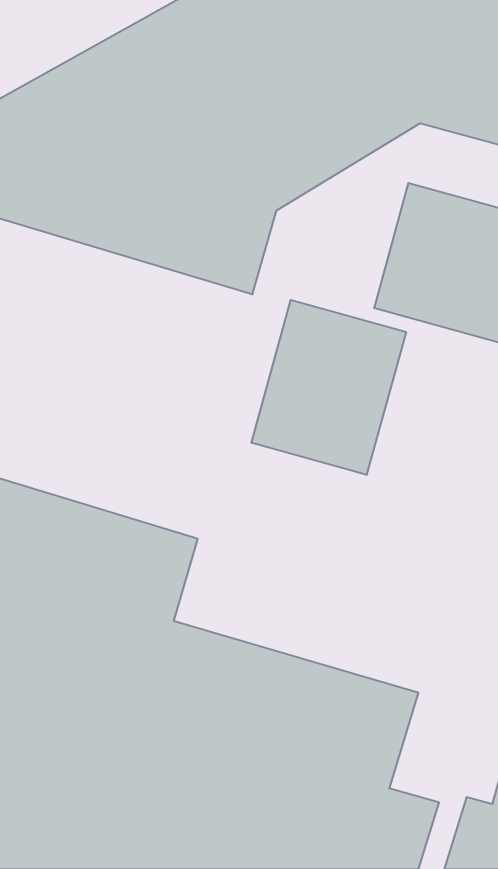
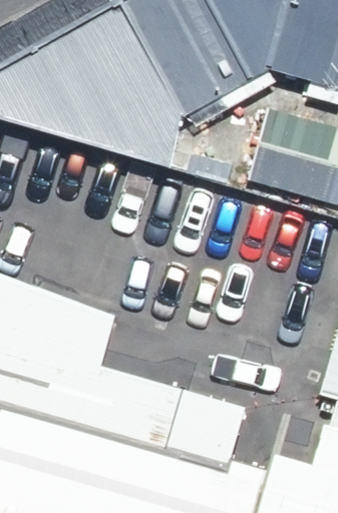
building: [251,300,406,475] -> none

